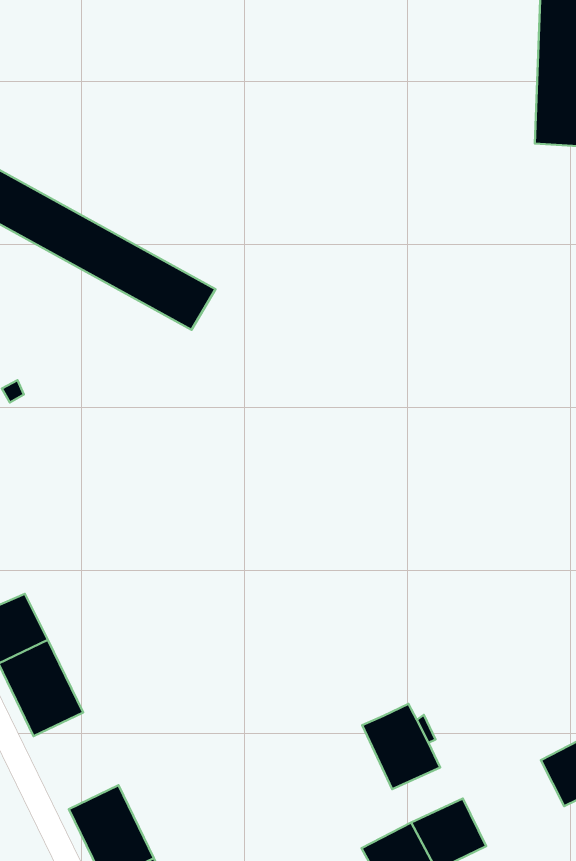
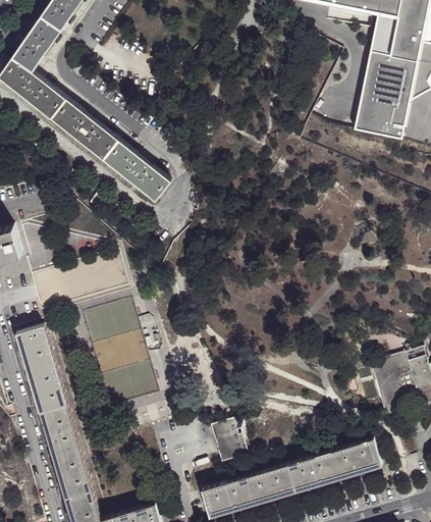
building: none -> [36,395,76,445]
building: none -> [258,461,311,502]

